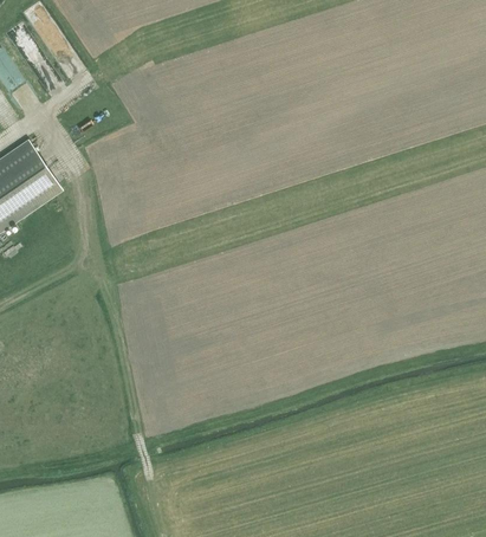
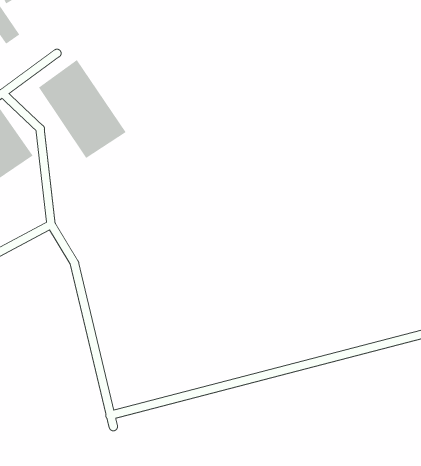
building: none -> [38,59,126,159]

